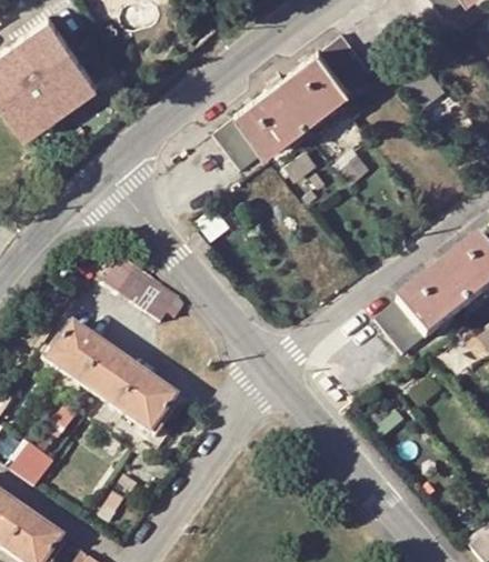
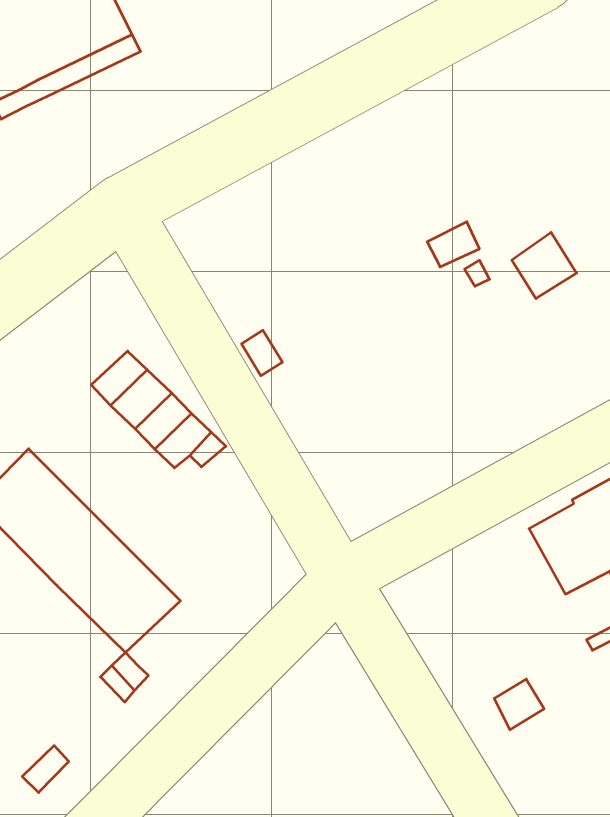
building: [213,32,369,168] -> none

